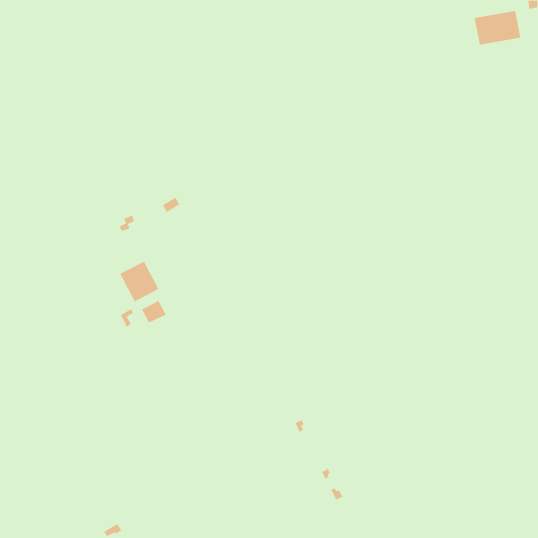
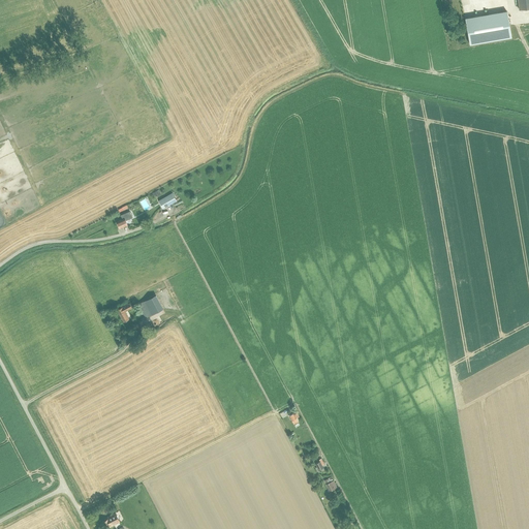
building: [119,261,159,302] -> none

